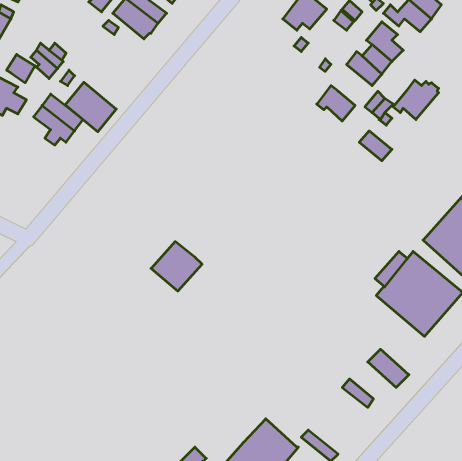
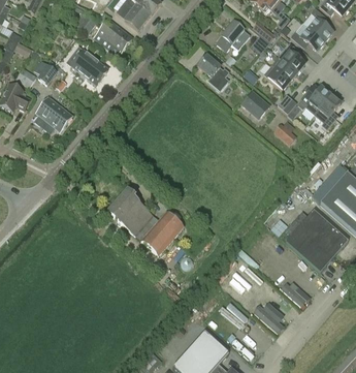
building: none -> [196,55,228,90]
building: [65,82,116,132] -> [70,49,107,85]
building: none -> [314,93,339,128]
building: none -> [107,189,138,222]
building: none -> [140,210,184,254]

